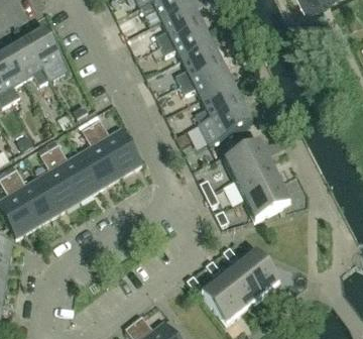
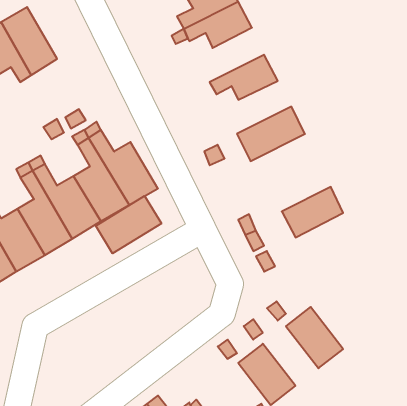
building: [176,43,221,84] -> none
building: [196,83,241,122] -> none
building: [224,141,270,180] -> none
building: none -> [96,196,161,253]
building: [244,181,289,219] -> none
building: [220,264,261,309] -> none

